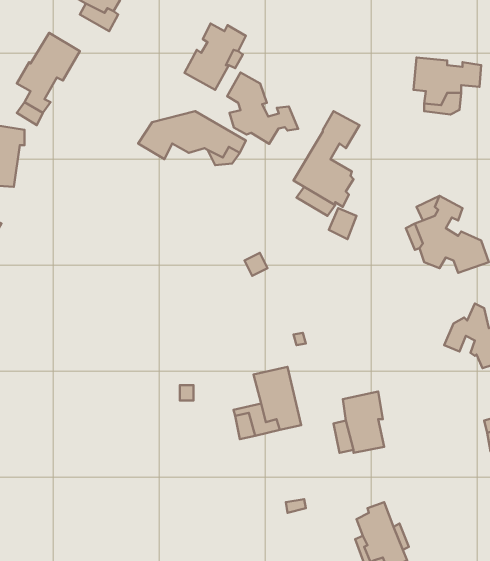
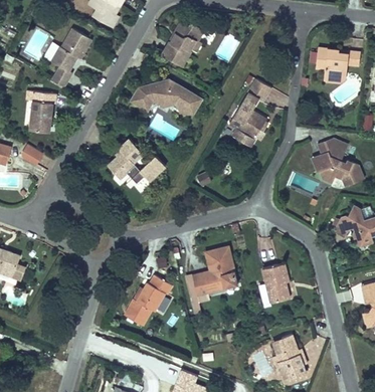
building: [227,72,298,144] -> none
building: none -> [110,138,169,184]
building: none -> [124,274,169,326]

